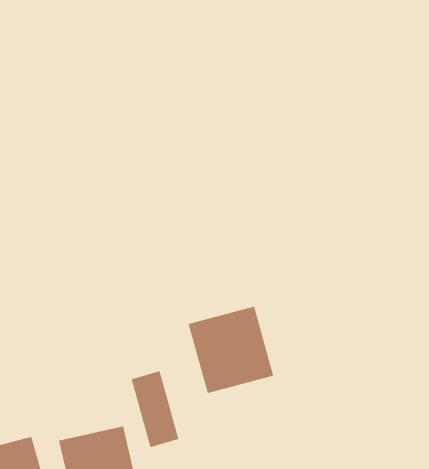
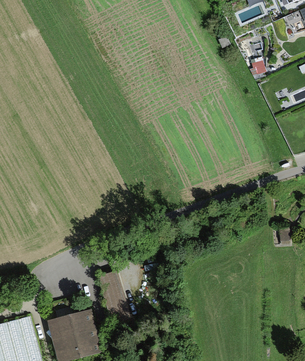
building: [188,306,274,394] -> none

